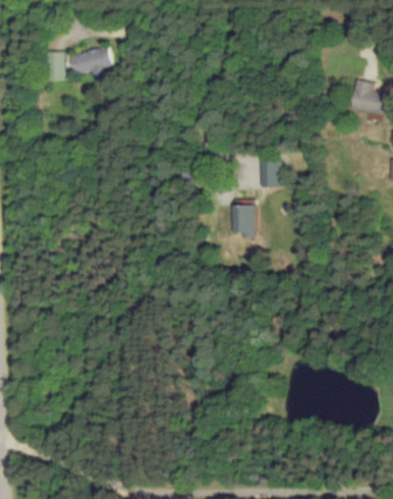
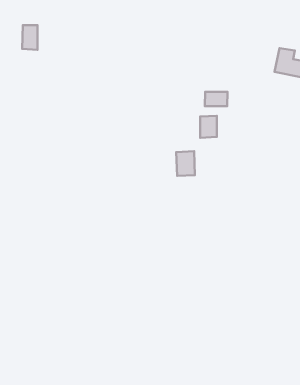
building: [70,48,112,75] -> none
building: none -> [205,92,227,106]

